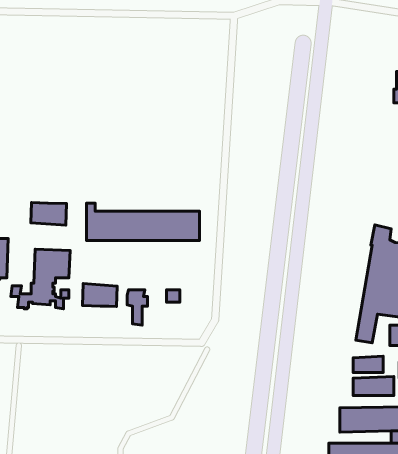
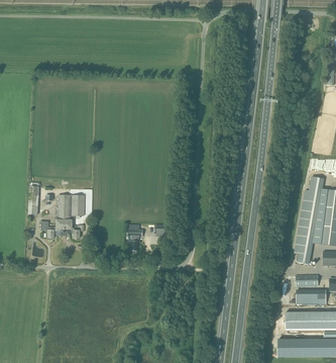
building: [31,203,66,225] -> none
building: [87,203,199,241] -> none
building: [82,284,117,307] -> none

